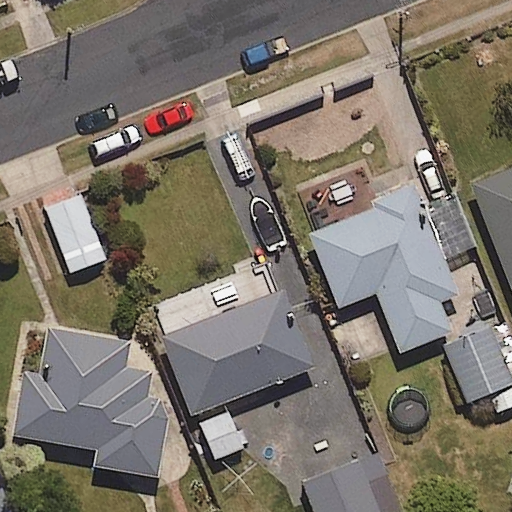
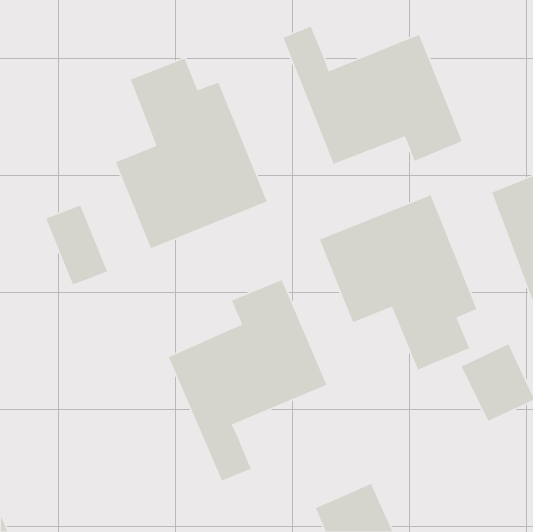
building: none -> [282,26,463,165]
building: none -> [115,58,268,249]
building: [13,332,168,477] -> none

